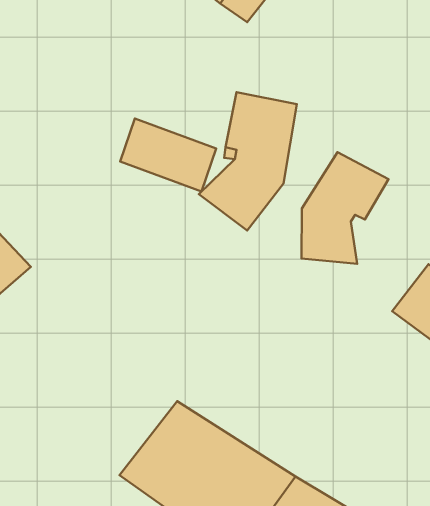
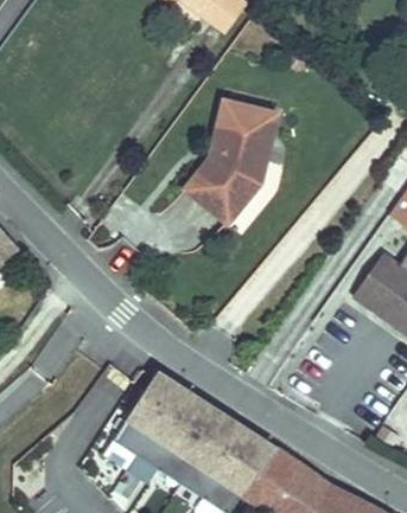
building: [120,118,216,192] -> none
building: [301,152,388,264] -> none

